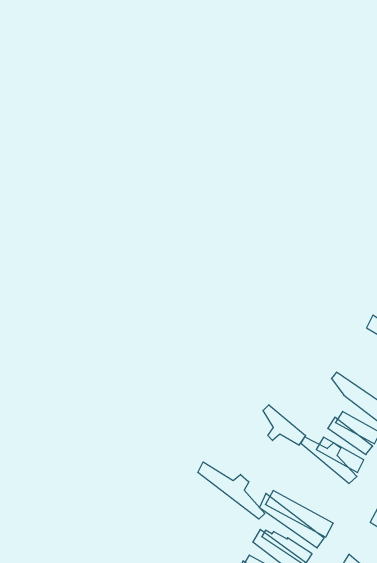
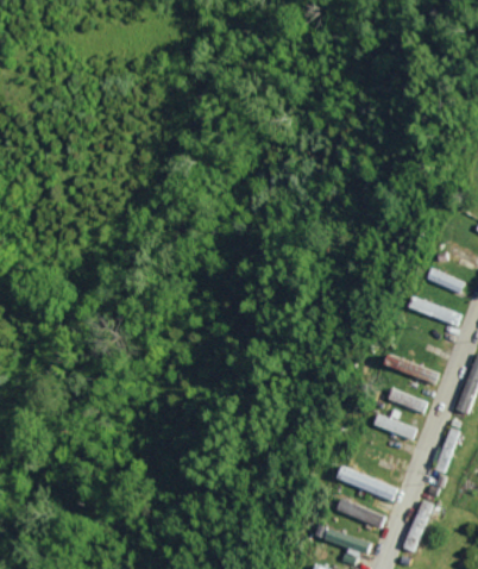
building: [263,405,306,445] -> none
building: [198,462,265,519] -> none

